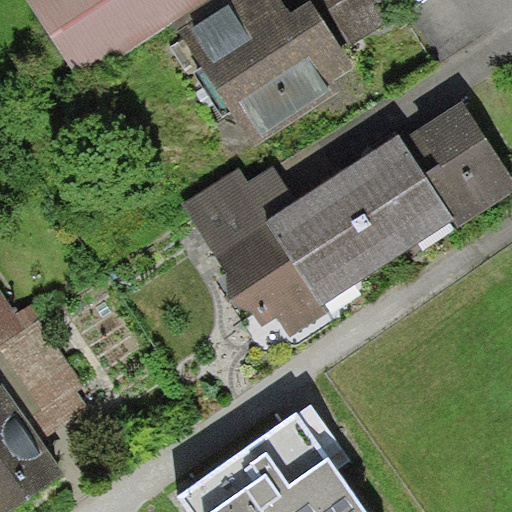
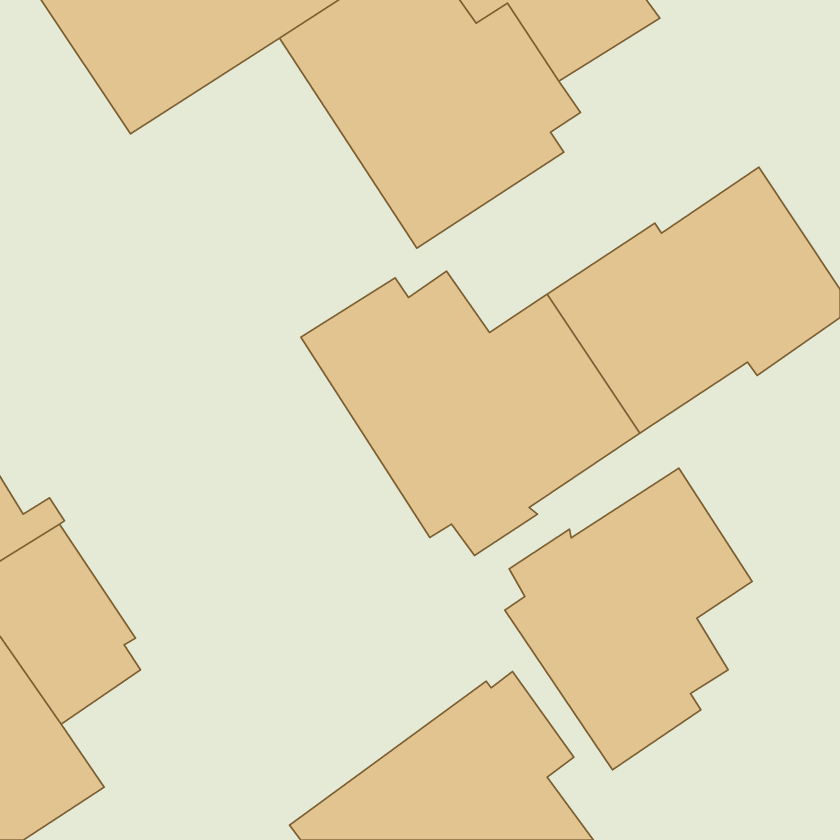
building: none -> [505,468,752,770]

